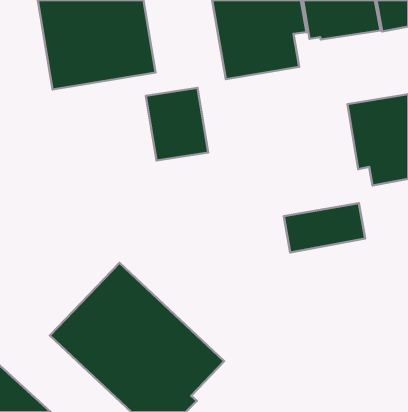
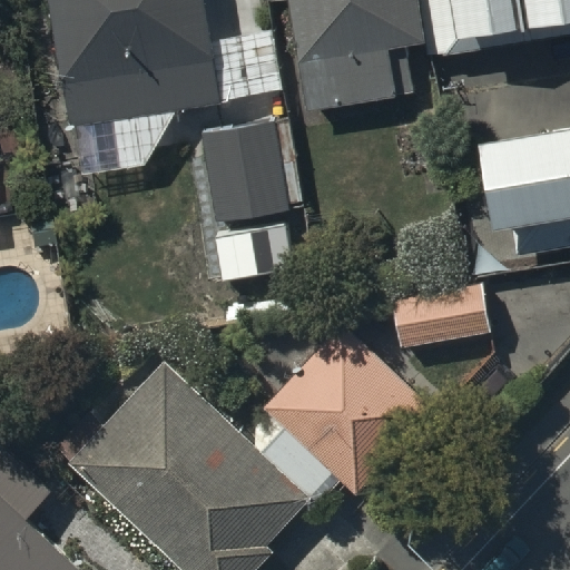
building: none -> [263,325,433,494]

